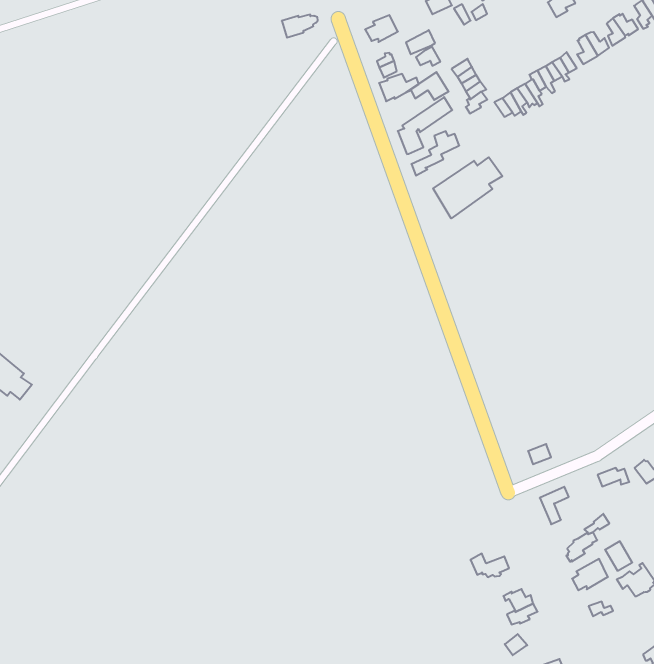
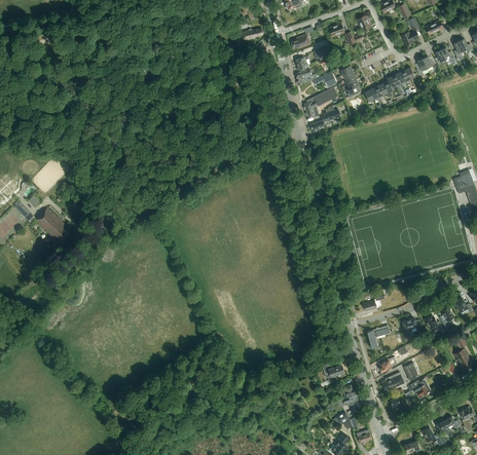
building: [433,157,502,218] -> none

